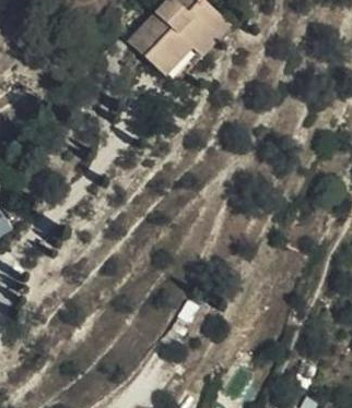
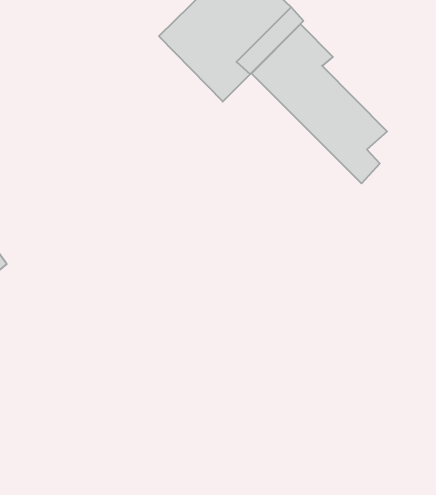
building: none -> [251,24,387,183]

